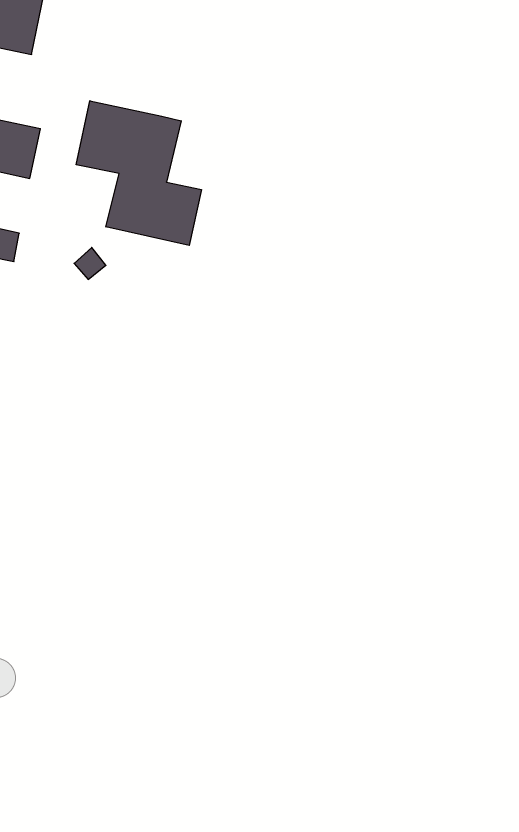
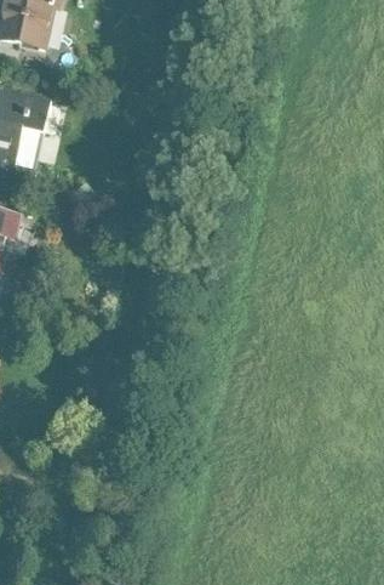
building: [76,101,201,245] -> none

